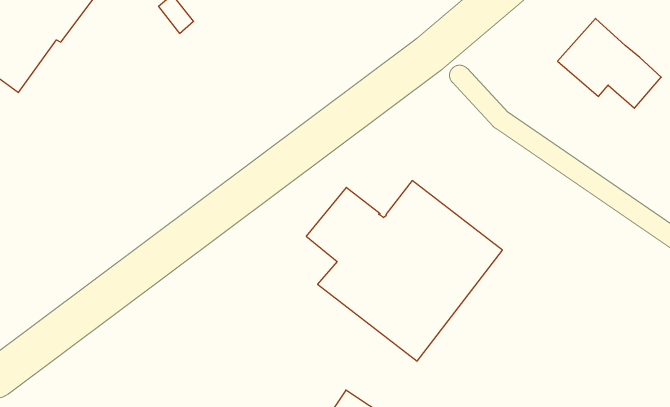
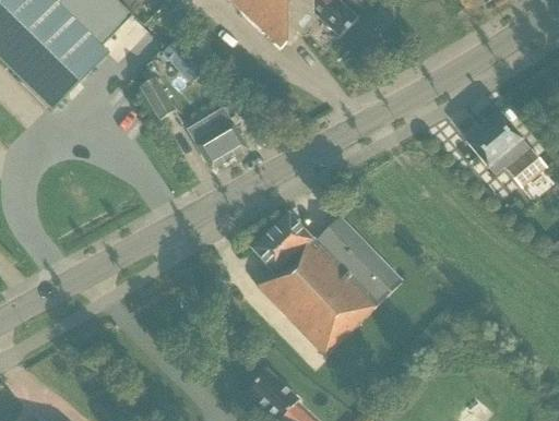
building: none -> [140,75,177,119]
building: none -> [187,107,248,168]

